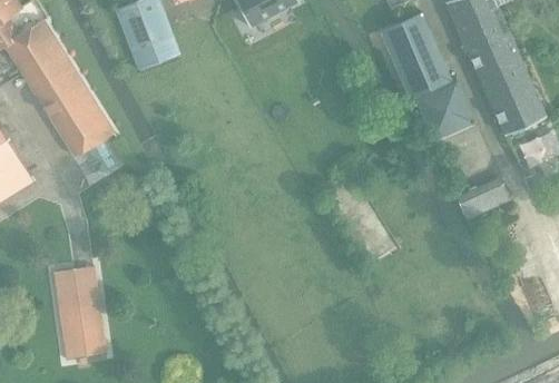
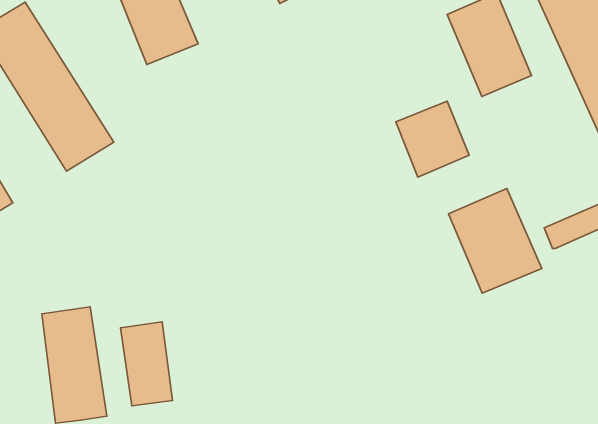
building: [418,81,477,143] -> [396,101,469,177]
building: none -> [448,188,542,293]
building: none -> [120,322,173,406]

